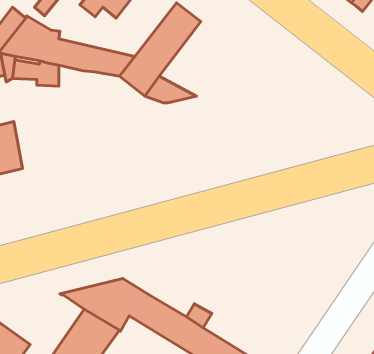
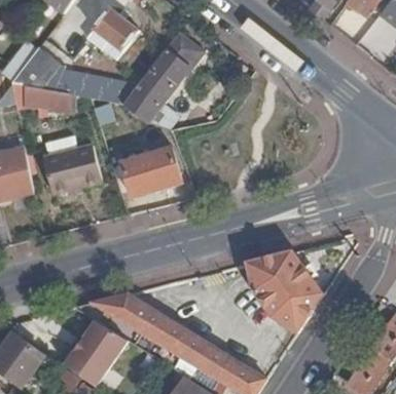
building: none -> [44,146,101,194]
building: none -> [120,147,179,201]
building: none -> [247,251,321,332]

